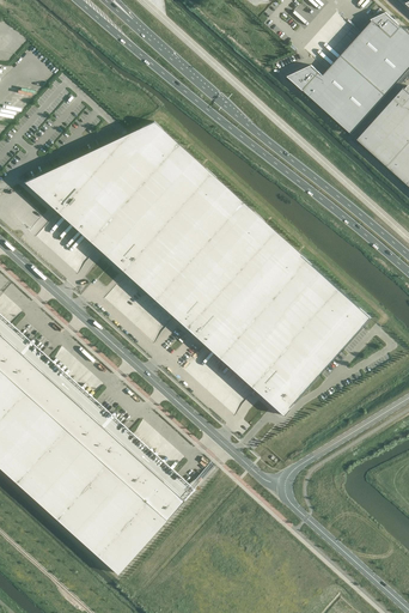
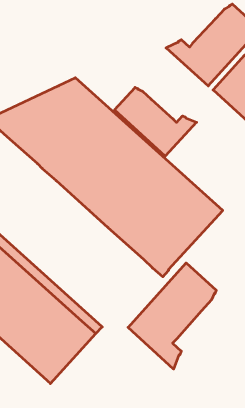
building: none -> [115,87,197,156]
building: none -> [128,263,216,369]

